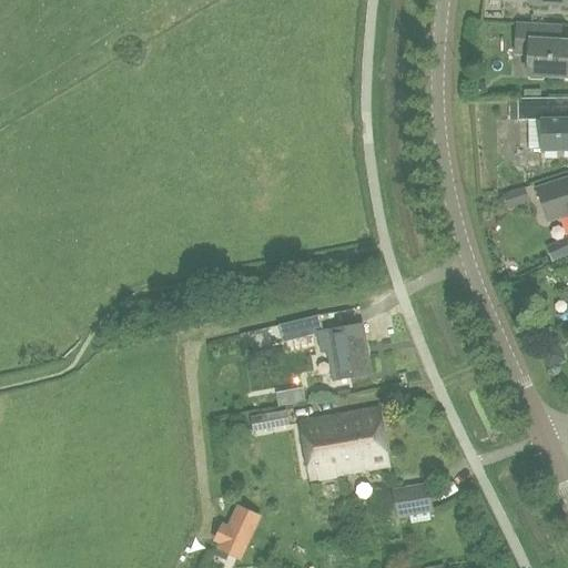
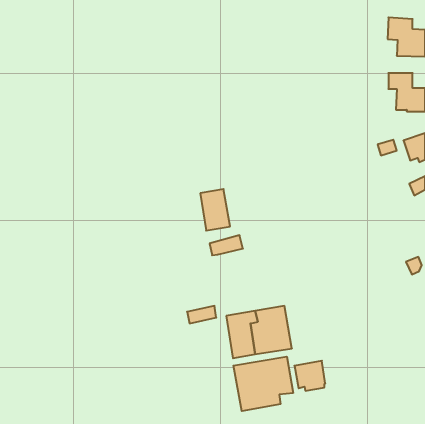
building: [331,324,371,379] -> [200,189,230,231]
building: none -> [233,357,293,411]
building: [215,505,262,560] -> none

